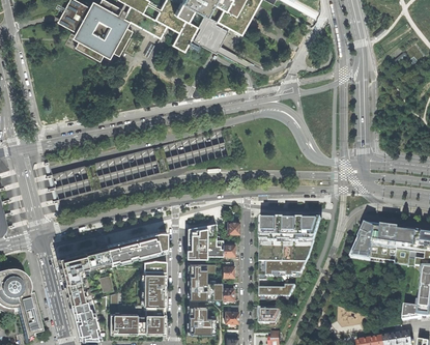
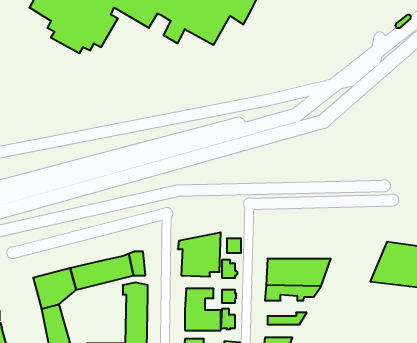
building: [262,215,324,237] -> none

